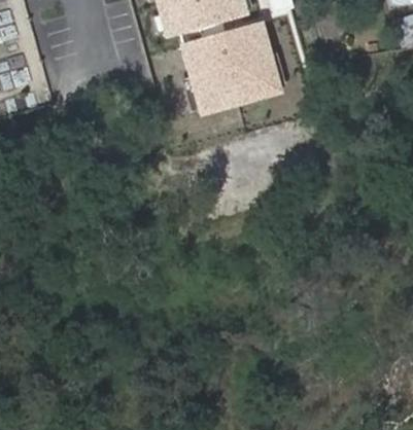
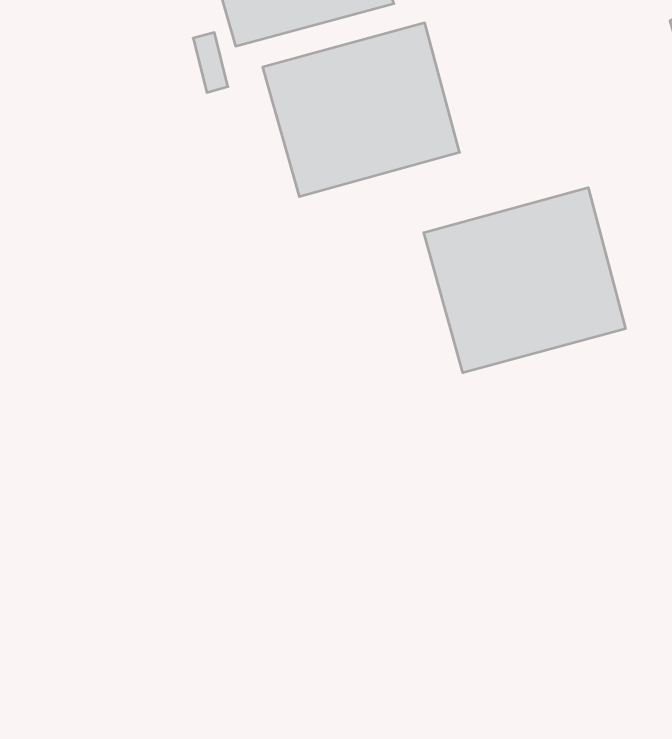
building: none -> [424,188,625,373]

